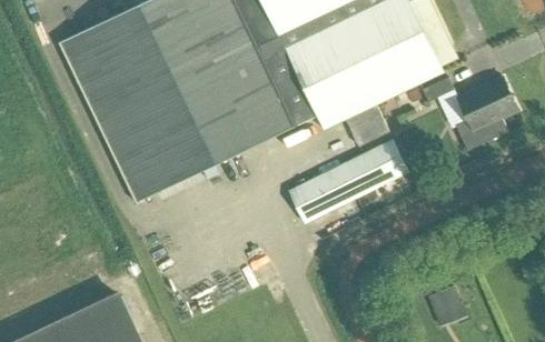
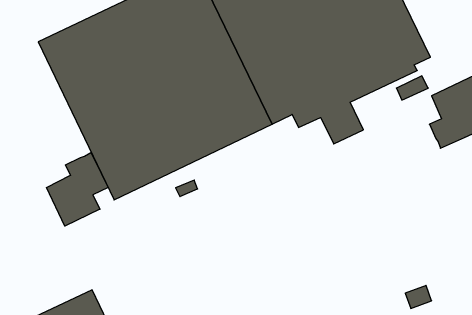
building: [289,140,408,223] -> none
building: none -> [47,152,108,226]

